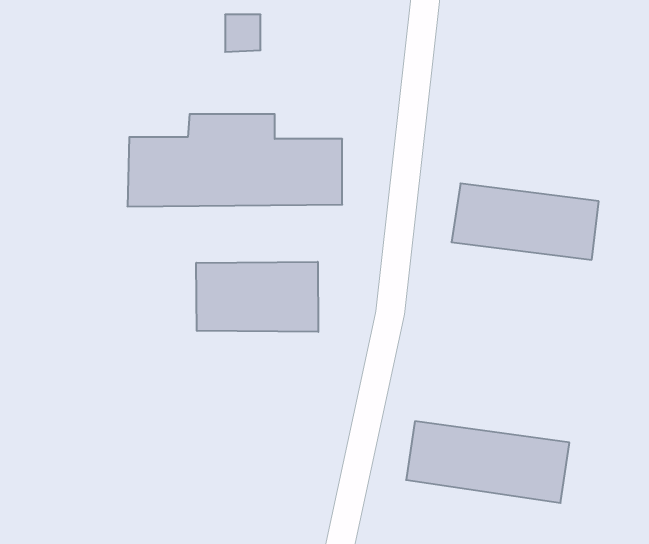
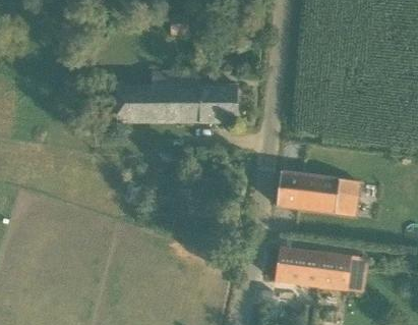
building: [451,183,599,260] -> [276,171,360,215]
building: [196,262,318,332] -> none

